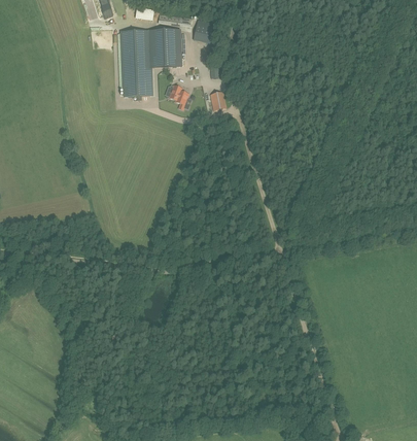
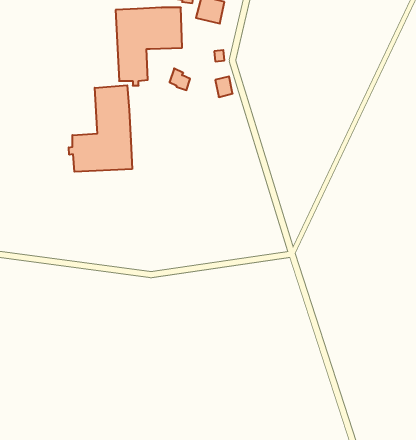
building: none -> [69,85,132,172]

